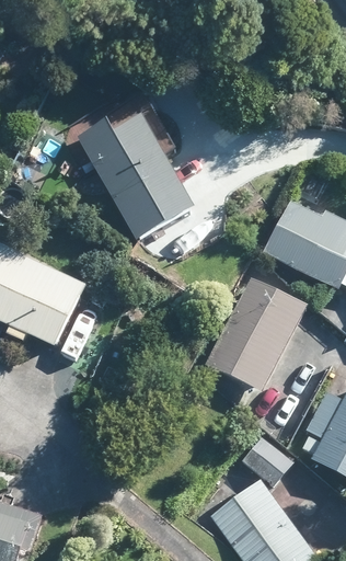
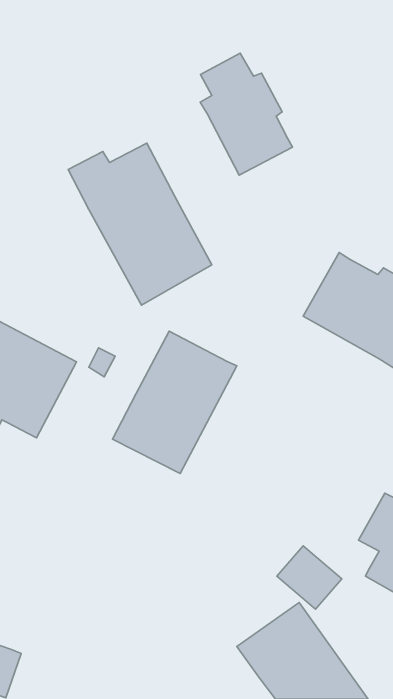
building: none -> [200,53,293,175]
building: [205,279,303,392] -> [113,331,237,474]

